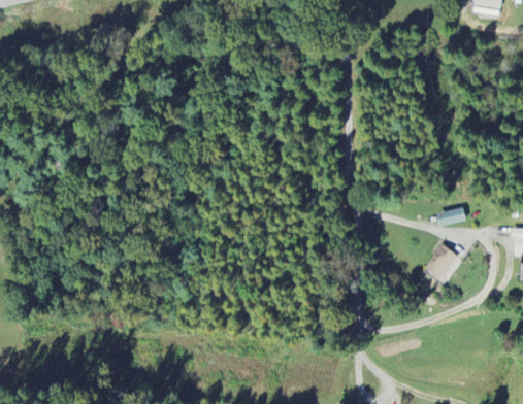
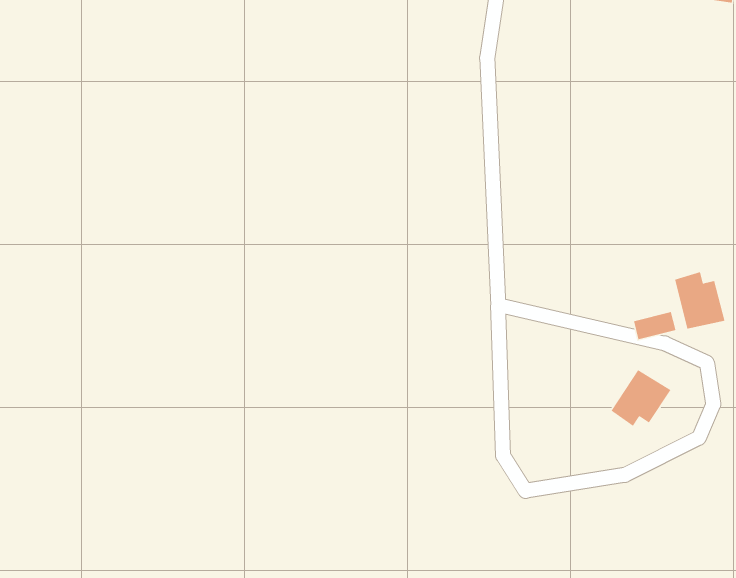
building: none -> [674,271,725,330]

